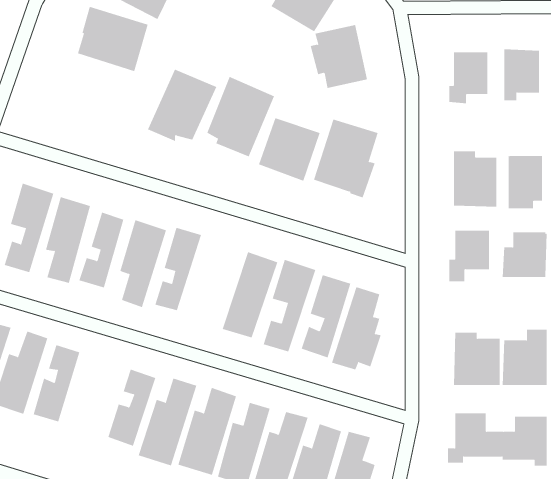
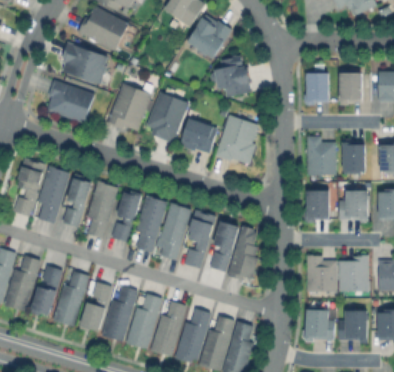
building: none -> [46,79,95,124]
building: none -> [136,192,168,253]
building: none -> [53,271,89,326]

